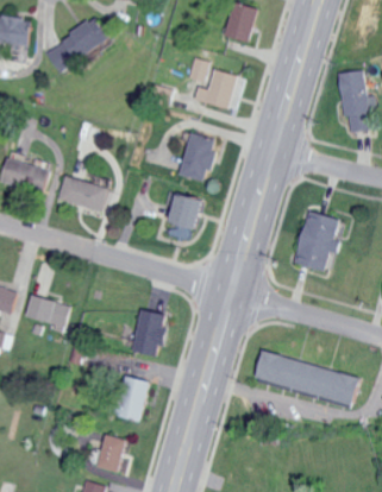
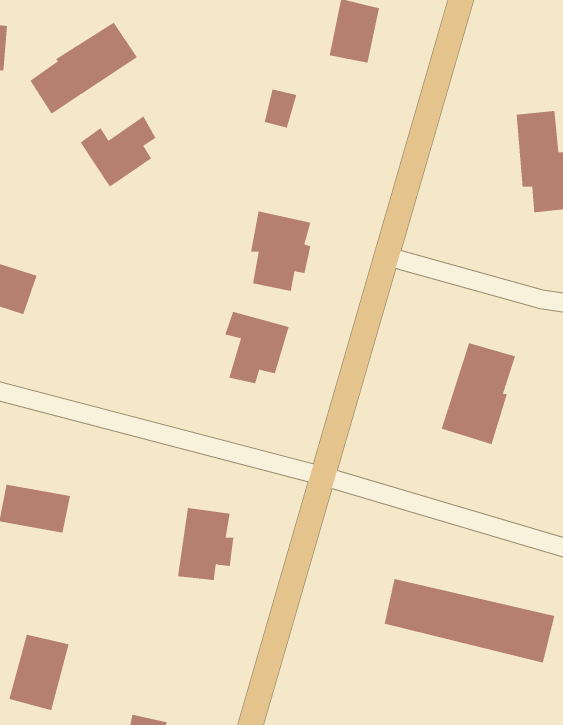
building: [194,69,236,108] -> none
building: none -> [80,116,156,188]
building: [57,175,107,212] -> none
building: [114,376,151,422] -> [9,634,70,711]

